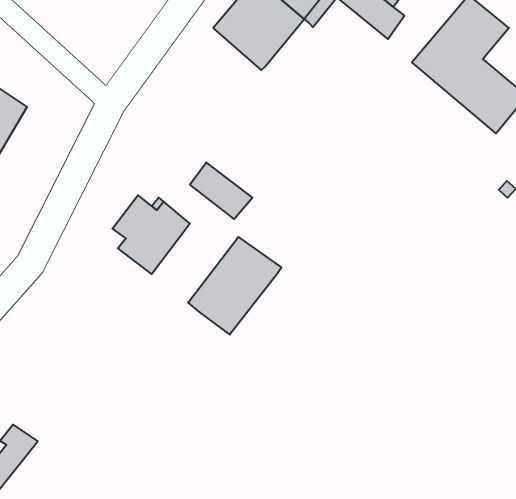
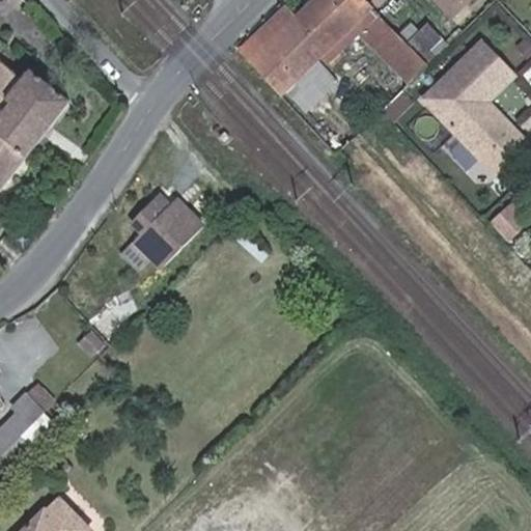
building: [190,162,252,219] -> none
building: [188,237,281,335] -> none

